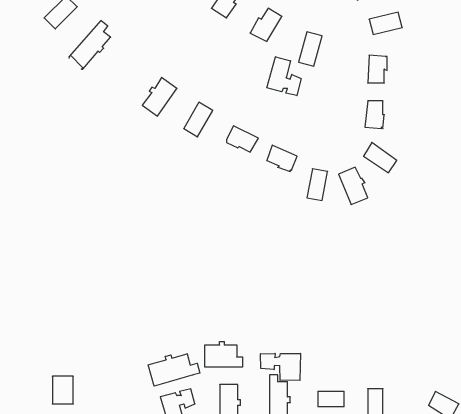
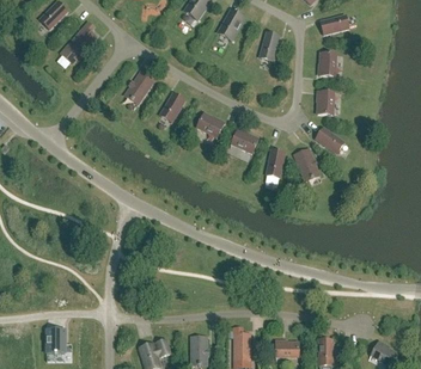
building: [267,57,301,96] -> none
building: [205,342,242,367] -> none
building: [261,353,300,380] -> none
building: [148,354,200,386] -> none

